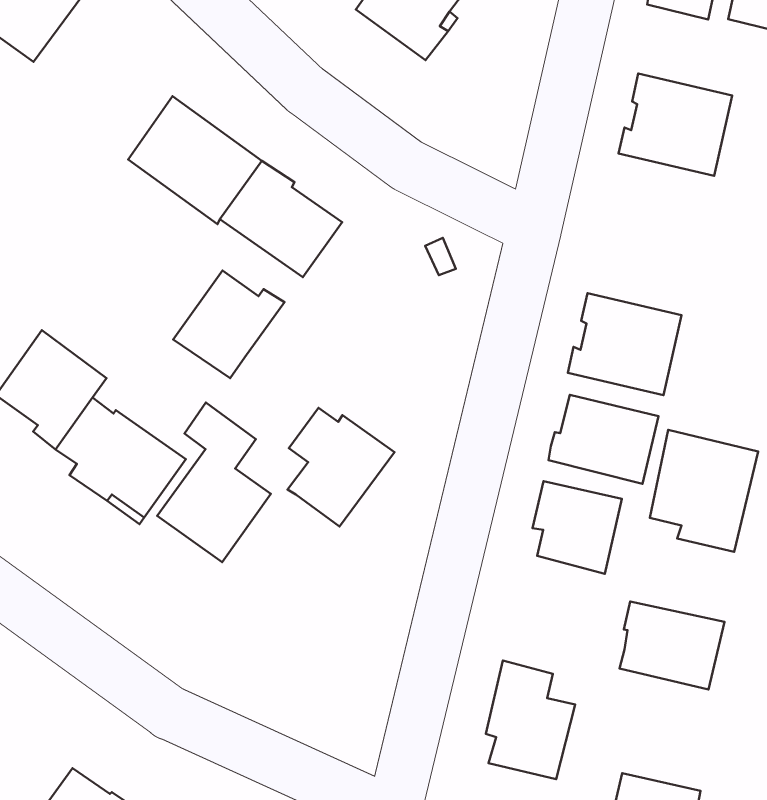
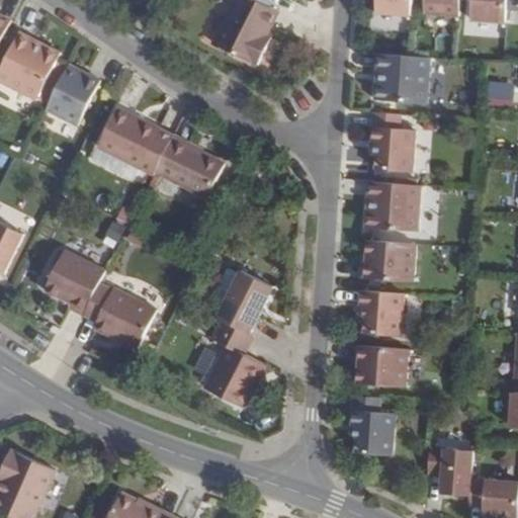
building: none -> [46,64,99,124]
building: none -> [368,110,416,172]
building: [173,270,284,378] -> none
building: [157,402,271,562] -> [203,319,265,407]
building: [650,430,758,552] -> none
building: [620,602,724,690] -> [353,345,409,387]

